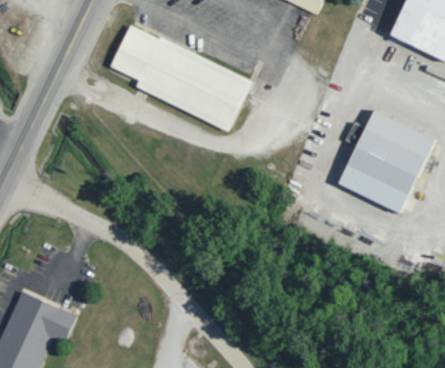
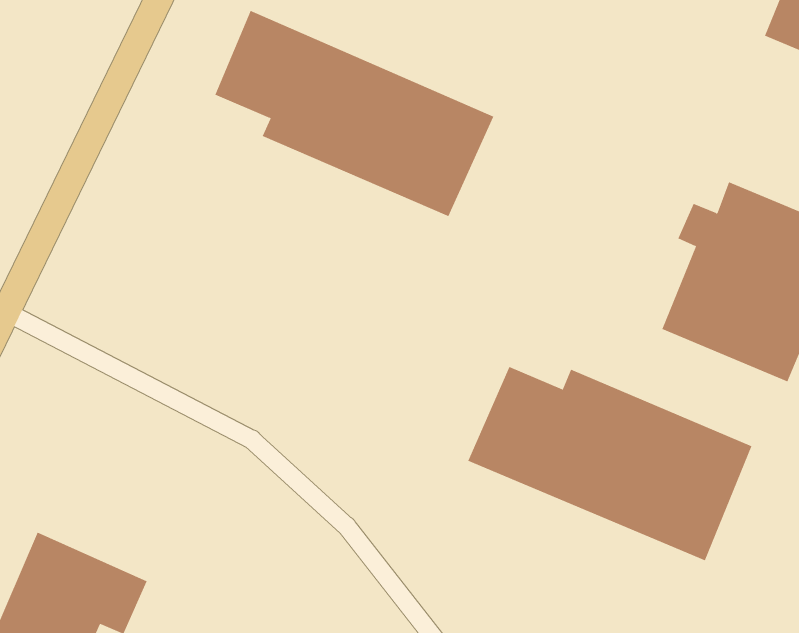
building: none -> [468,366,752,561]

